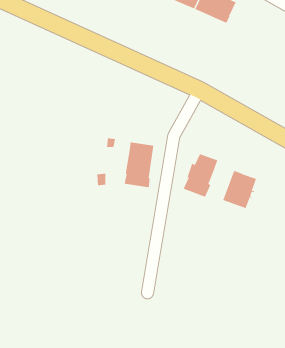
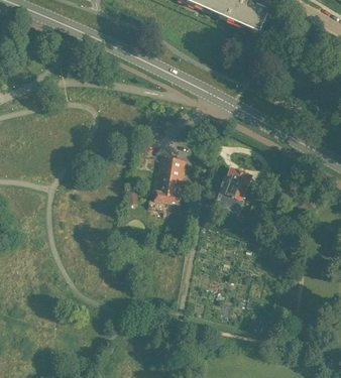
building: [223,170,257,209] -> none

